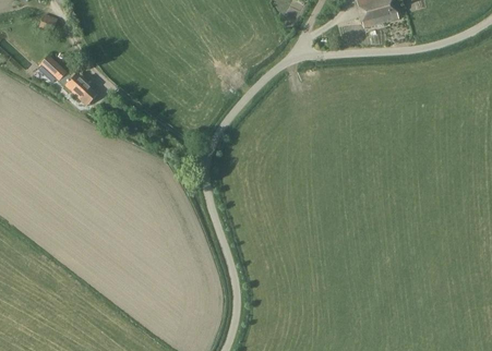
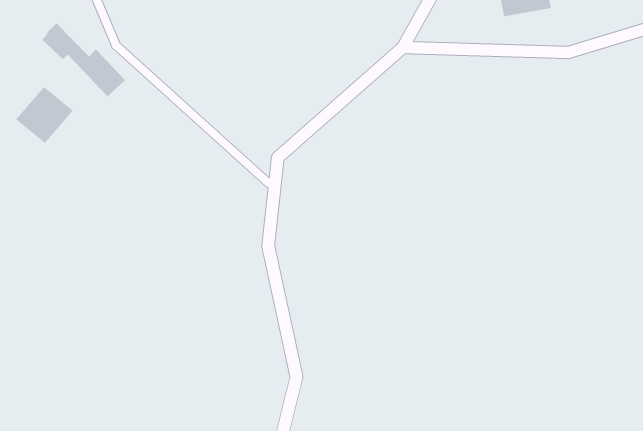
building: none -> [15,86,73,144]

